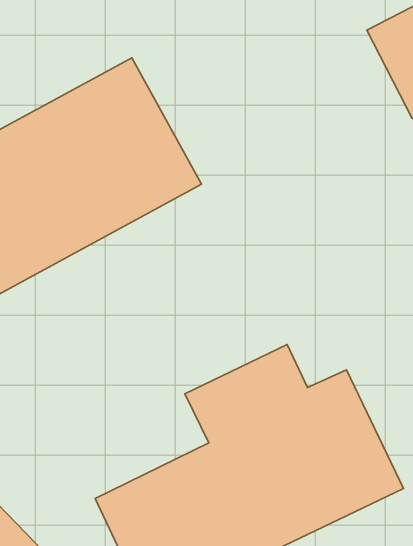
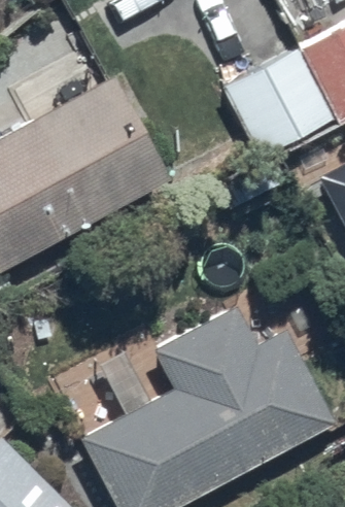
building: none -> [223,48,336,160]

